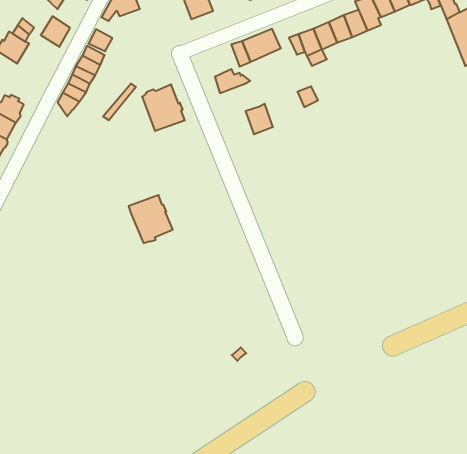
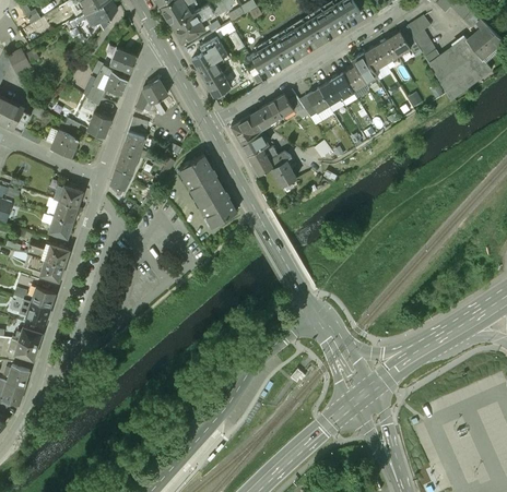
building: none -> [231,113,260,143]
building: none -> [247,145,282,175]
building: [129,195,173,243] -> [197,183,237,226]

